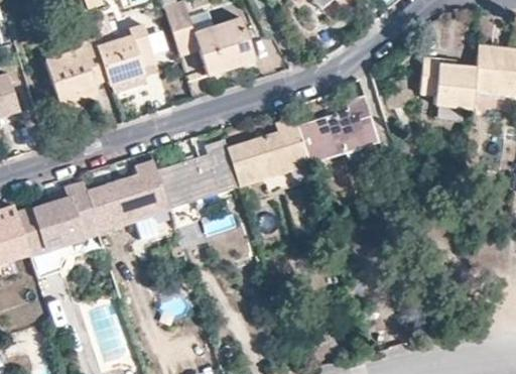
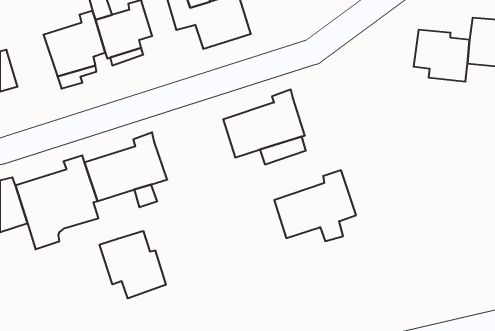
building: [297,94,380,165] -> [274,170,356,241]
building: [157,138,239,207] -> none
building: none -> [100,231,166,298]

